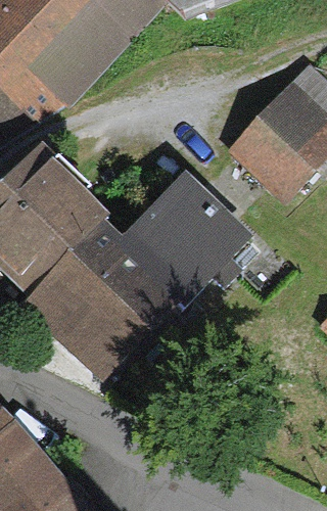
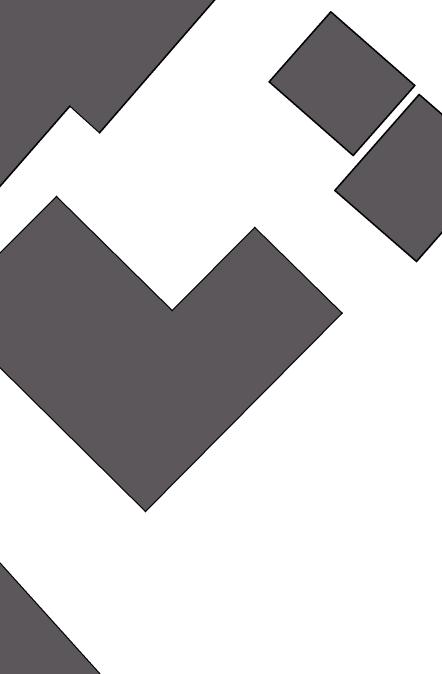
building: none -> [269,12,415,155]

